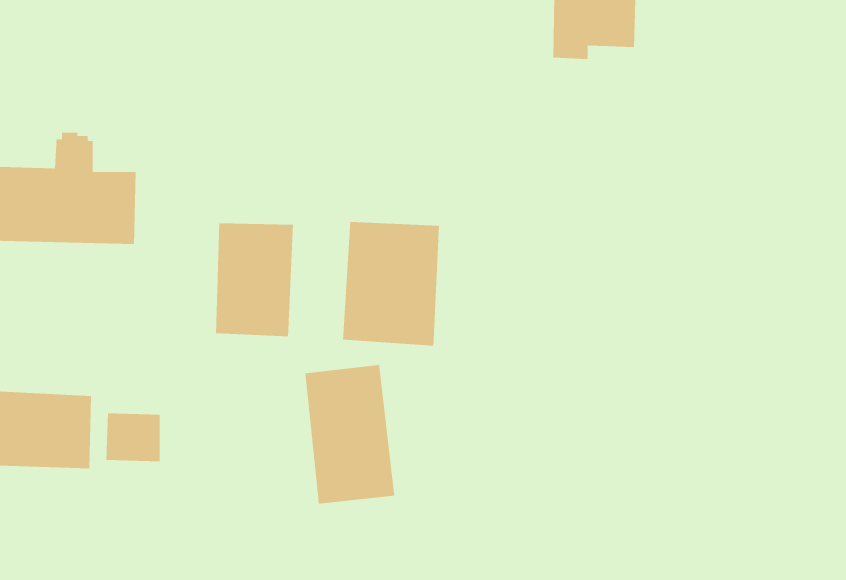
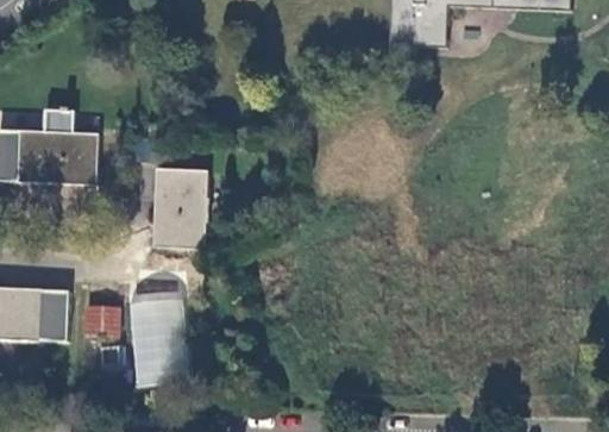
building: [342,221,440,346] -> none
building: [304,364,395,505] -> [123,286,186,383]

